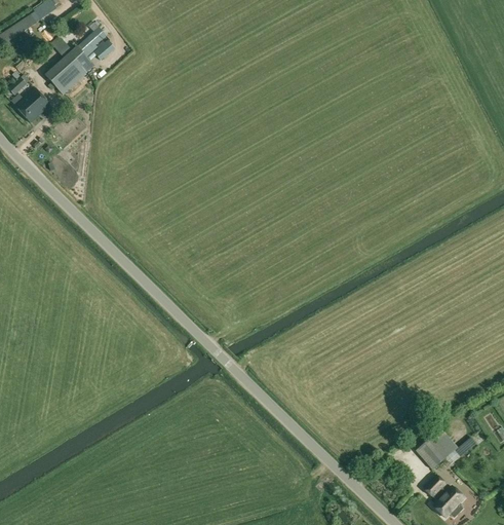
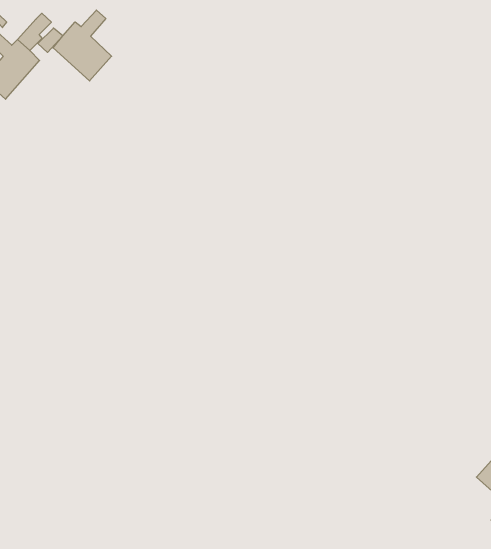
building: none -> [53,10,112,81]

